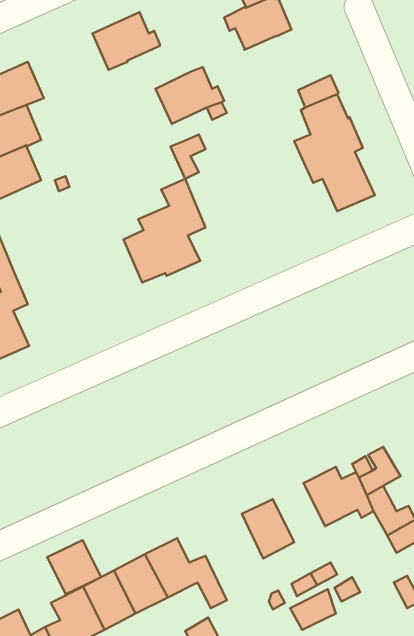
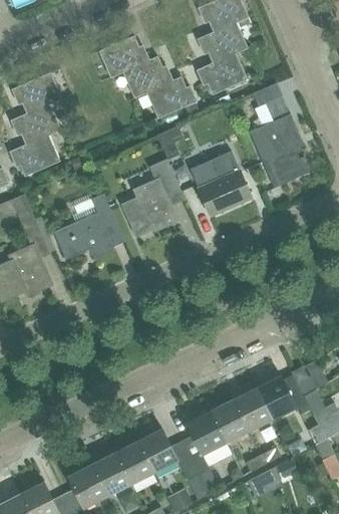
building: none -> [196,54,247,95]
building: none -> [124,56,173,97]
building: none -> [189,152,251,217]
building: none -> [54,196,123,259]
building: none -> [233,388,272,432]
building: none -> [183,411,226,475]
building: [47,540,101,594] -> none

